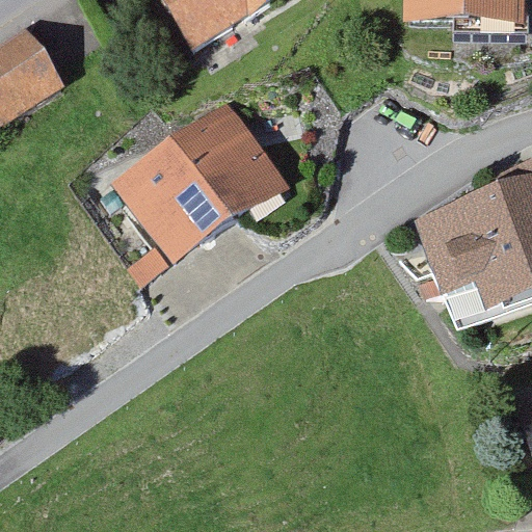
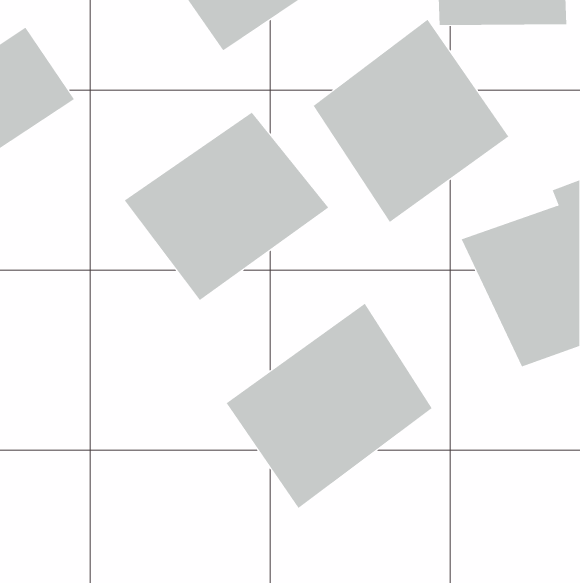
building: none -> [313,19,509,223]
building: none -> [226,303,433,509]

